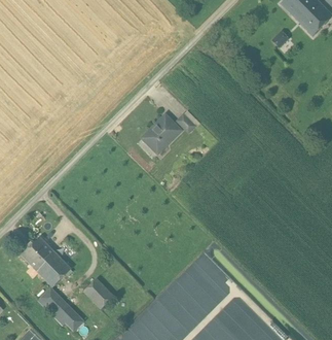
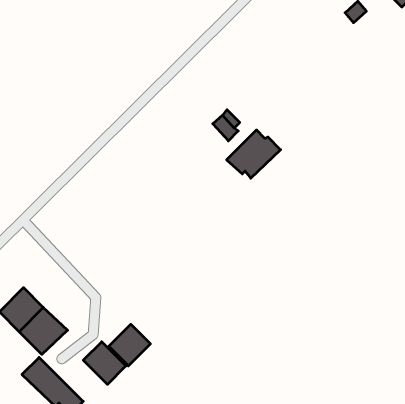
building: [142,116,181,151] -> [227,130,281,178]
building: none -> [109,324,150,366]

